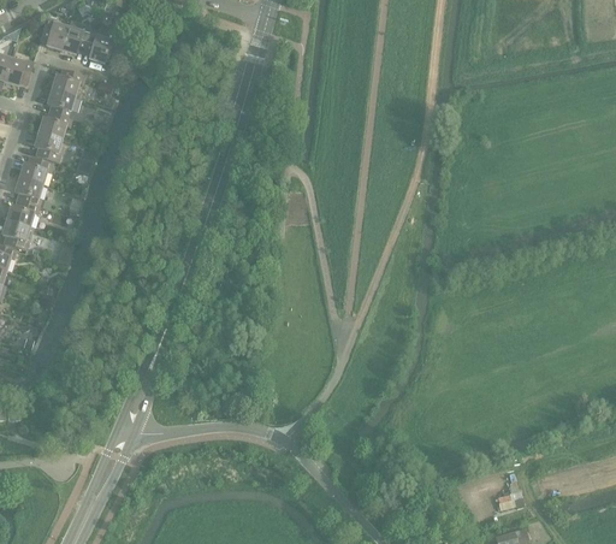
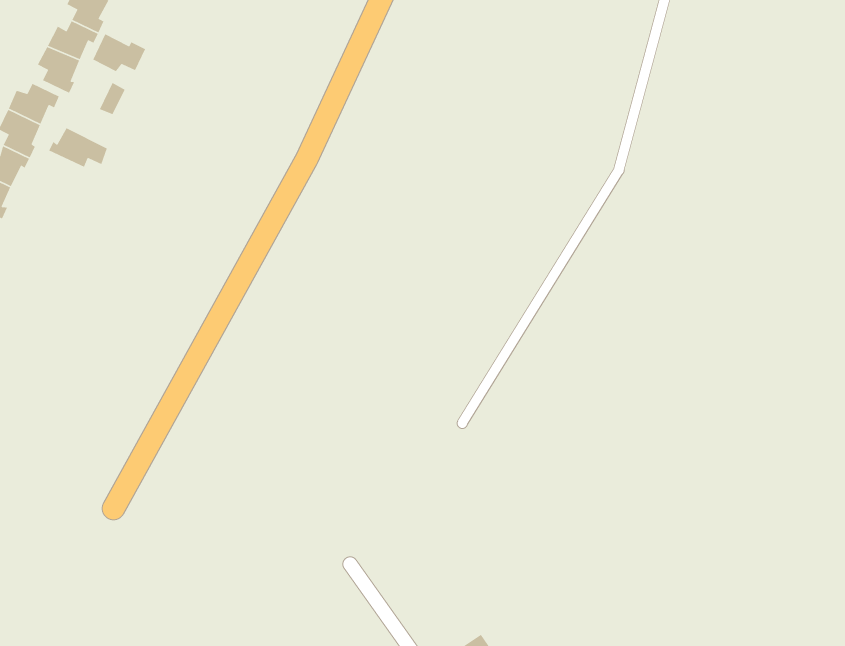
building: none -> [92,33,146,72]
building: none -> [48,127,108,168]

